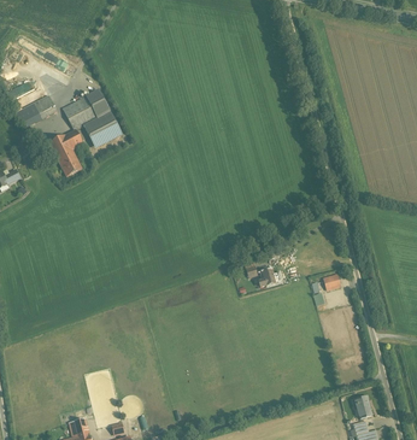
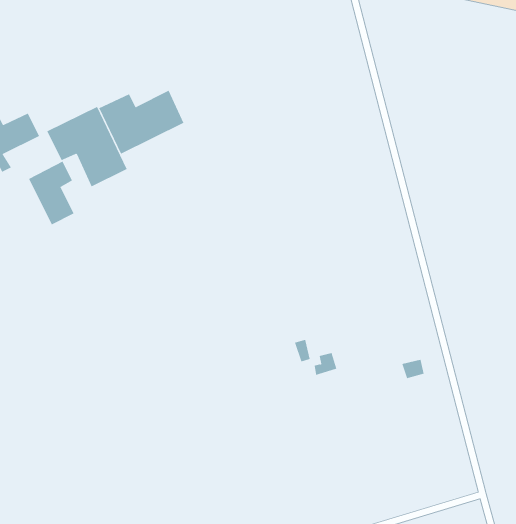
building: none -> [98,90,184,154]

